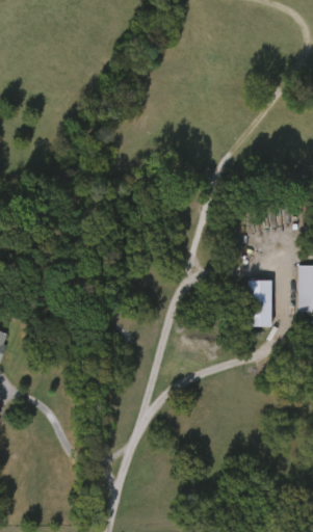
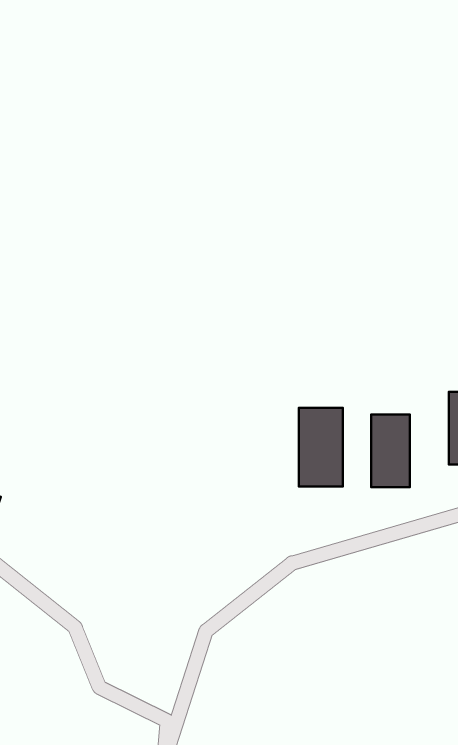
building: none -> [299,408,343,486]

